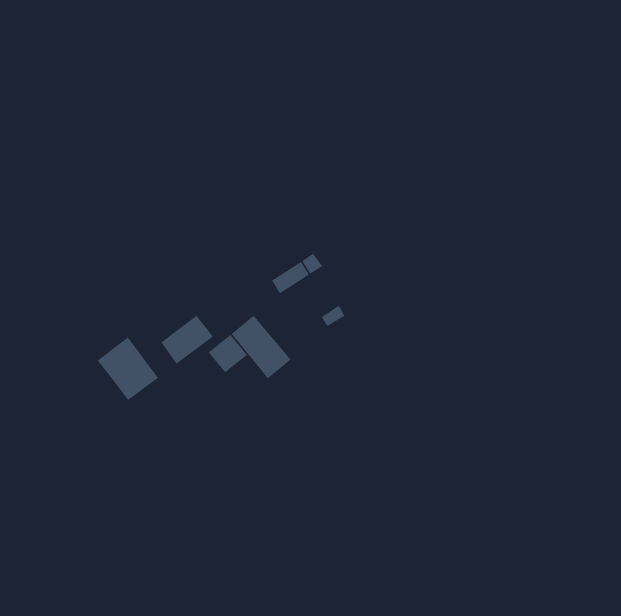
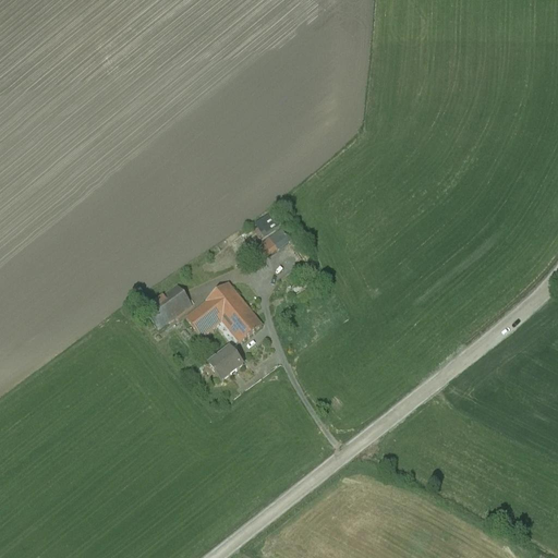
building: [97,336,159,401] -> none
building: none -> [208,347,243,379]

